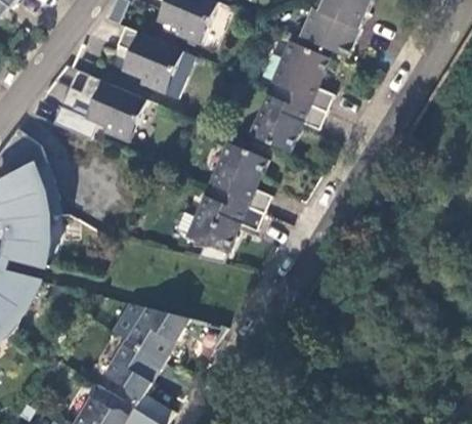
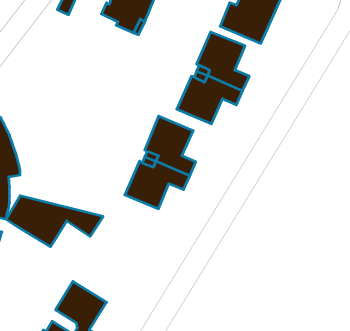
building: [117,26,195,98] -> none
building: [53,75,147,142] -> none
building: [112,303,226,364] -> [6,196,103,247]

